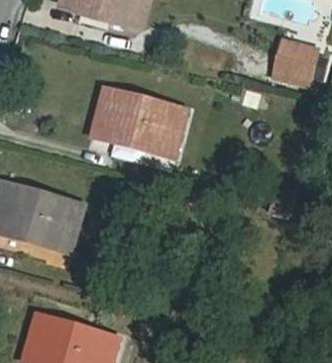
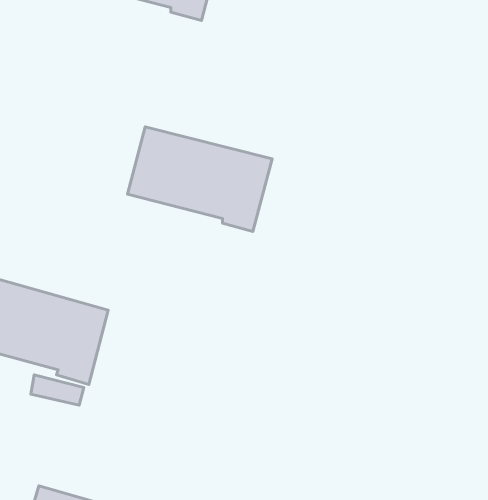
building: [274,44,317,89] -> none

